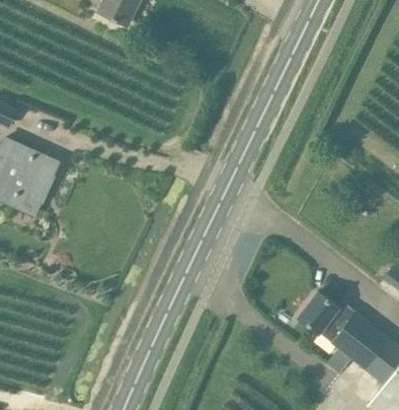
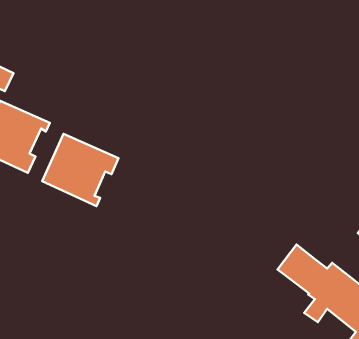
building: none -> [42,134,118,206]

